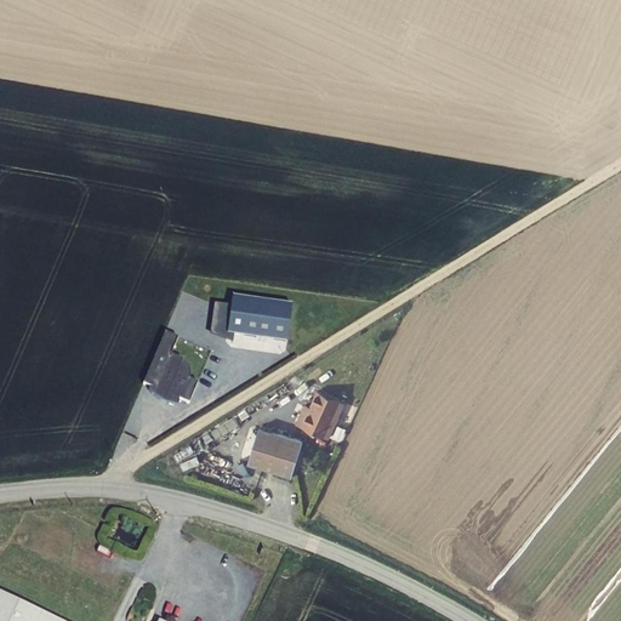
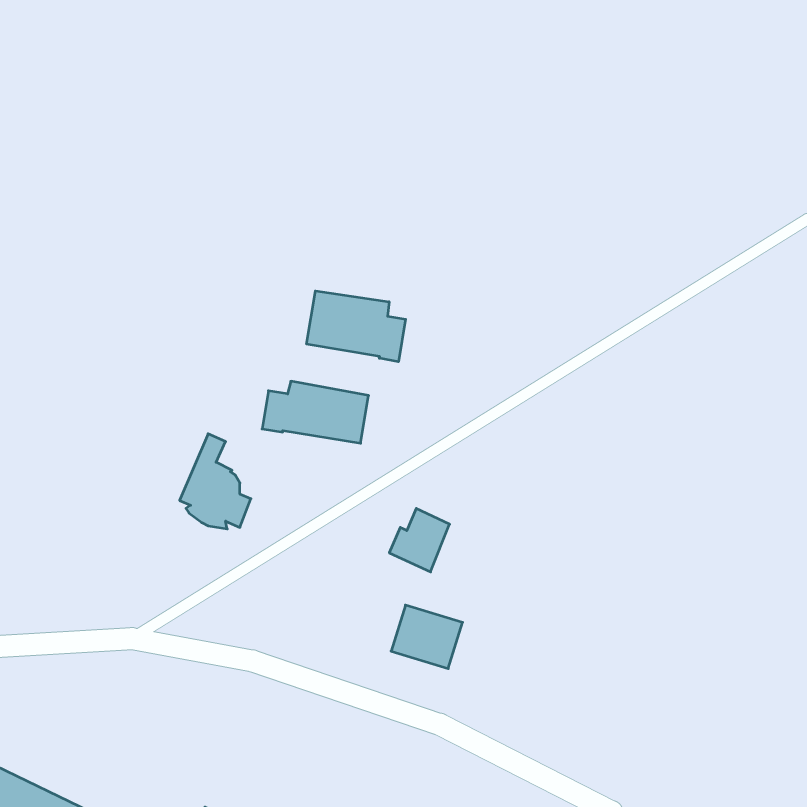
building: none -> [307,291,406,362]
building: [249,429,303,478] -> [391,605,463,669]

